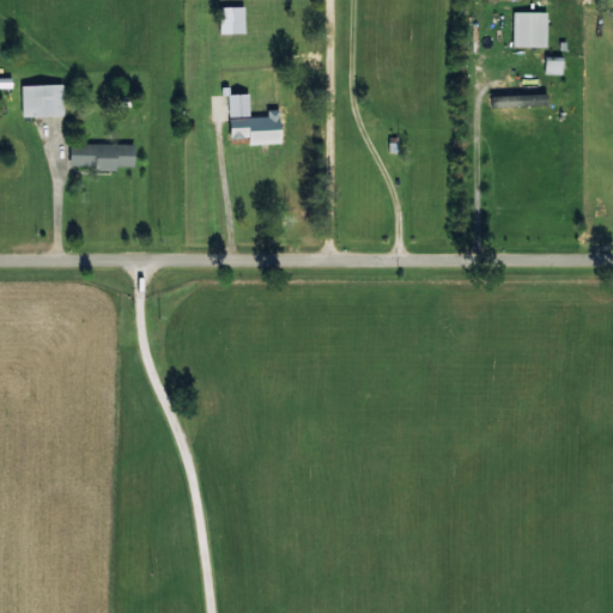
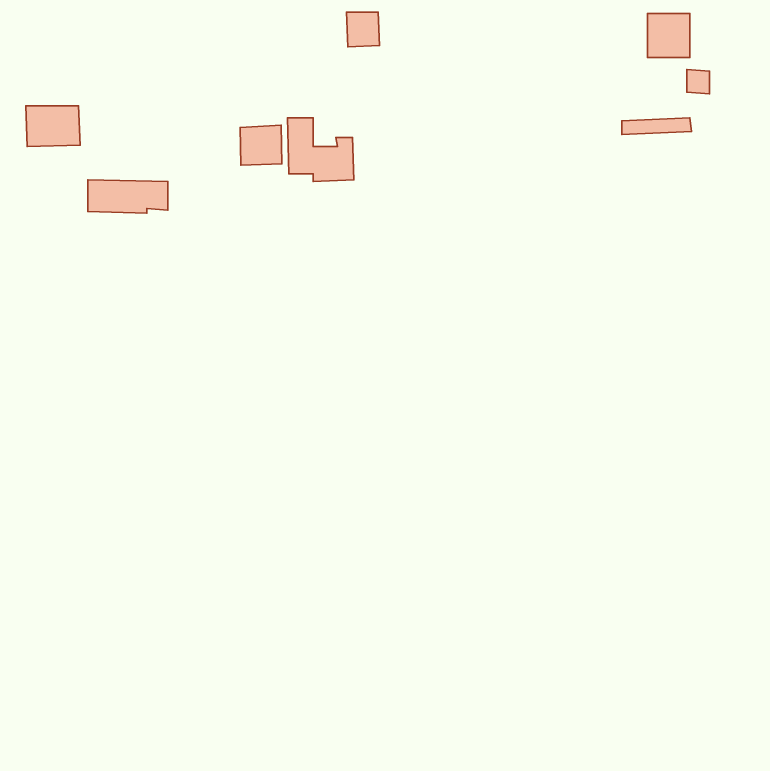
building: [220,7,247,35] -> [346,12,380,47]
building: none -> [240,125,282,165]

